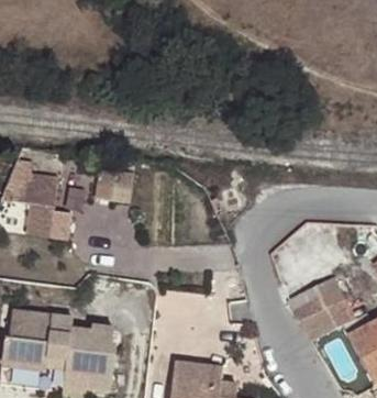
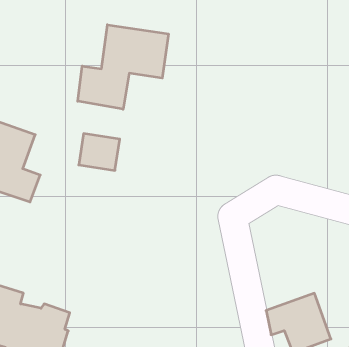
building: none -> [78,25,168,109]

